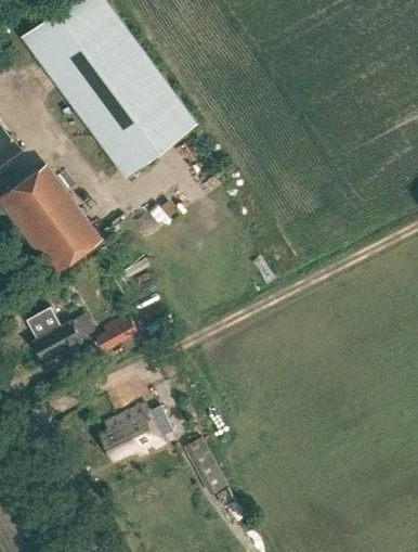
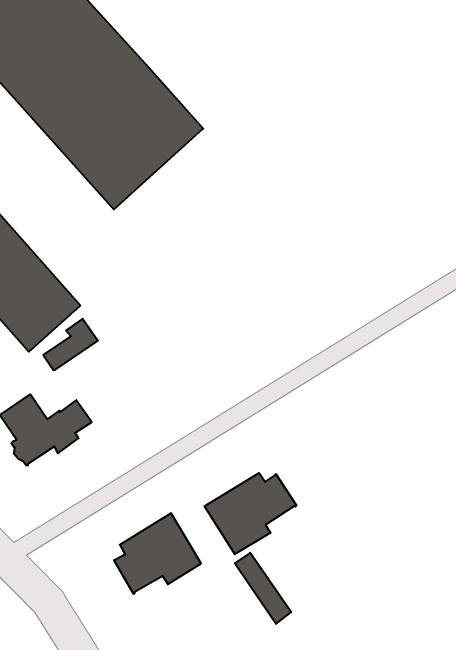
building: [95,313,136,349] -> [43,319,98,370]
building: none -> [204,473,296,554]

